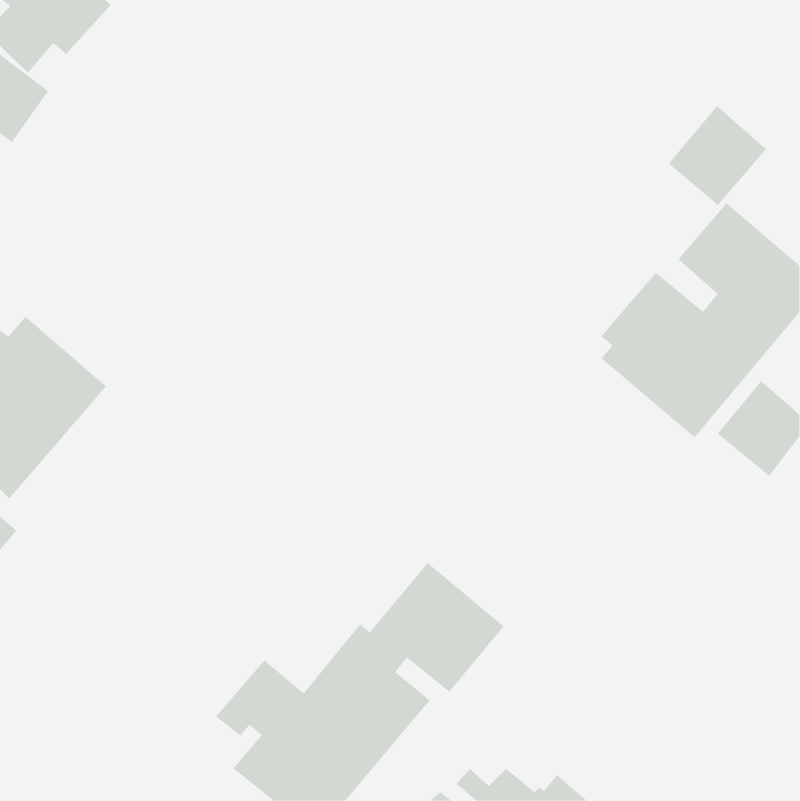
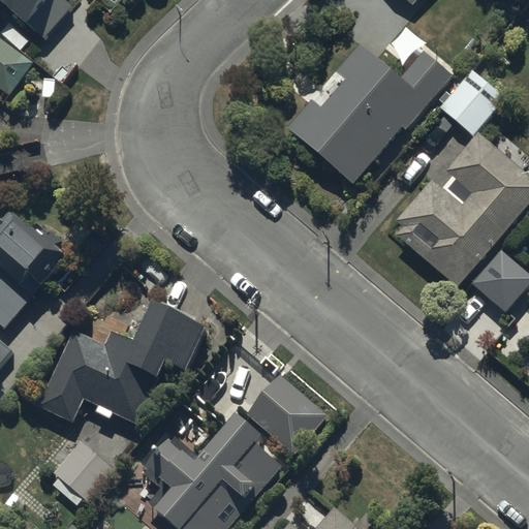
building: none -> [286,43,450,184]
building: none -> [38,299,205,422]
building: none -> [51,439,113,504]

